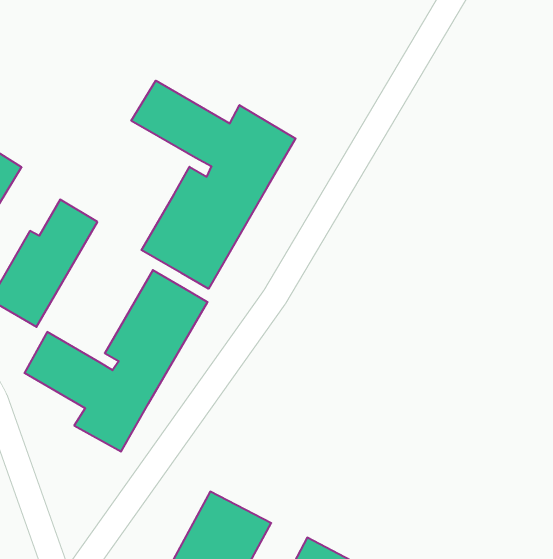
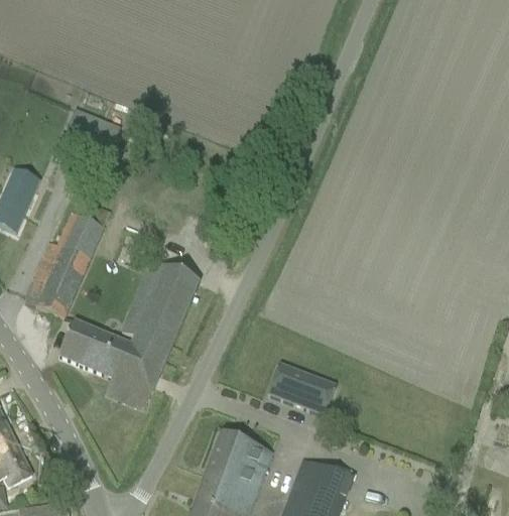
building: none -> [68,106,121,145]
building: [131,81,296,289] -> none
building: none -> [268,362,337,413]

